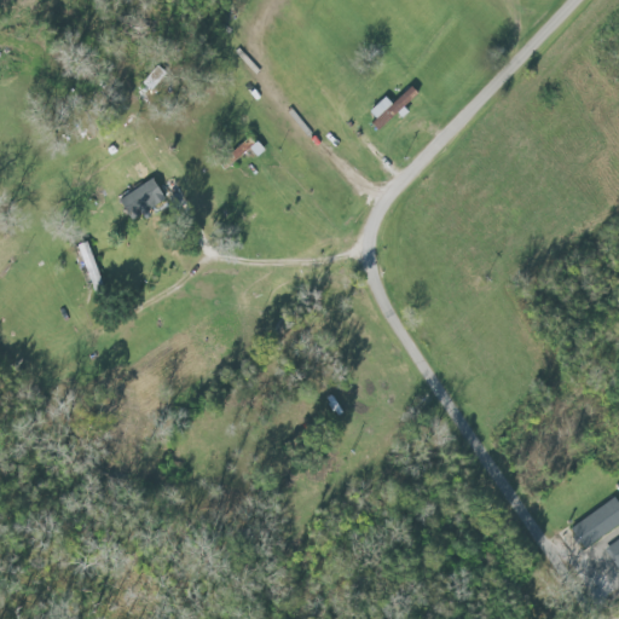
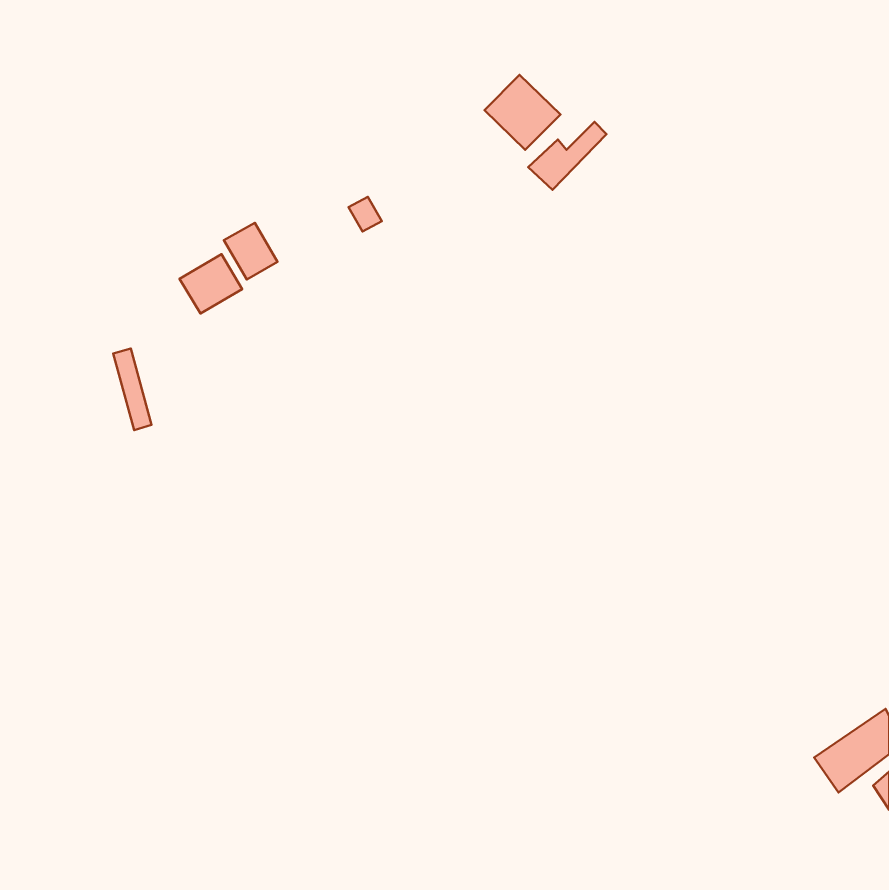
building: none -> [484,75,561,150]
building: none -> [224,223,278,279]

